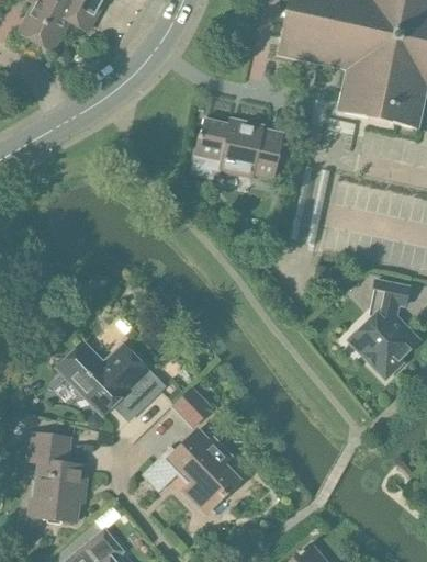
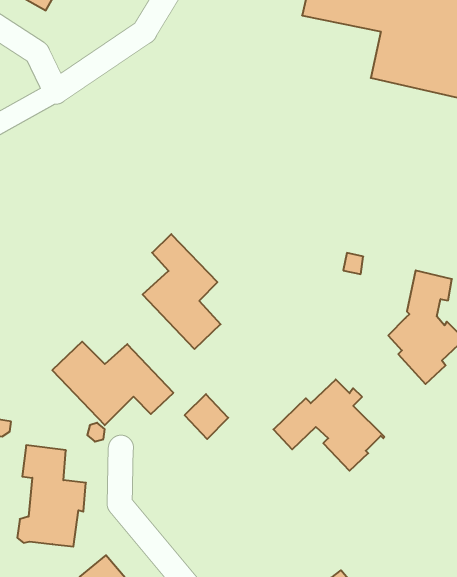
building: [194,117,284,178] -> none
building: none -> [143,234,221,349]
building: [143,429,240,509] -> [273,379,384,471]

